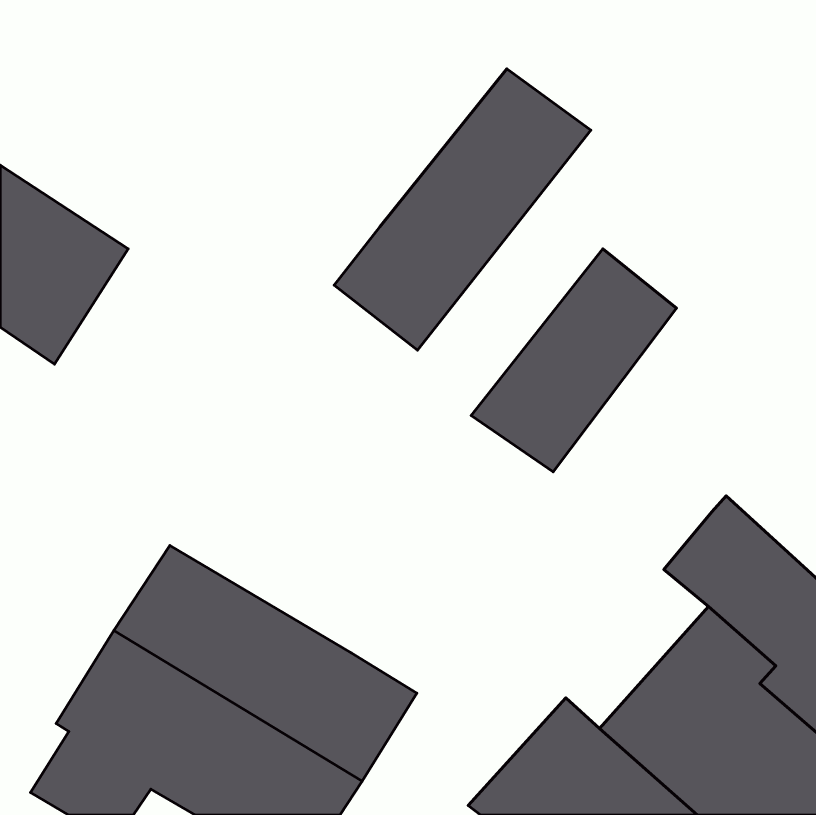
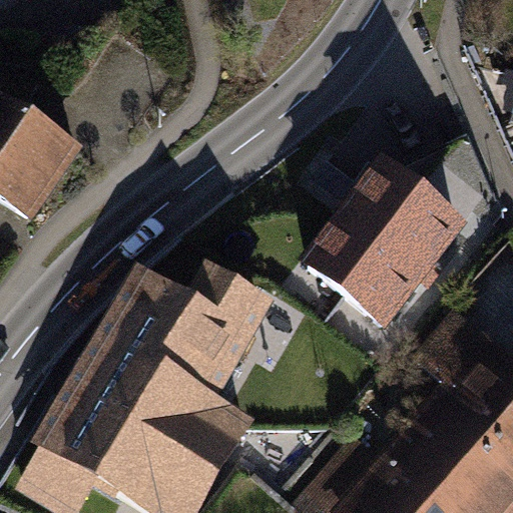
building: [334,69,591,350] -> none
building: none -> [348,192,463,324]
building: none -> [108,273,279,408]

